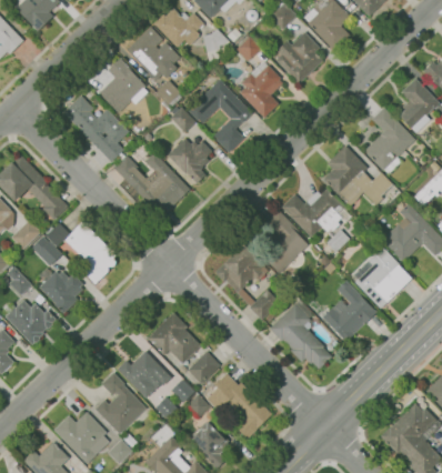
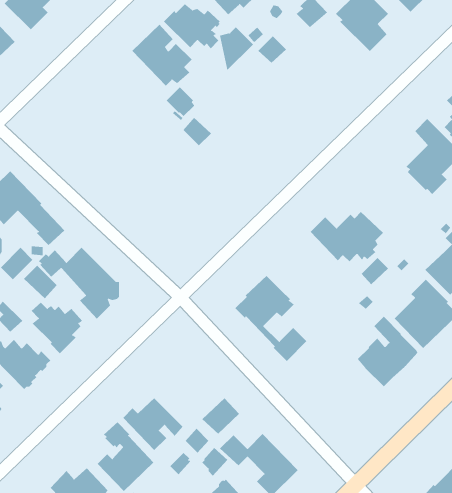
building: [275,32,322,83] -> none
building: [98,58,148,113] -> none
building: [239,61,282,118] -> none
building: [188,79,252,152] -> none
building: [62,95,128,162] -> none
building: [168,138,212,183] -> none
building: [323,145,392,205] -> none
building: [113,152,190,217] -> none
building: [257,210,308,273] -> none
building: [269,299,331,369] -> none
building: [153,315,201,364] -> none

